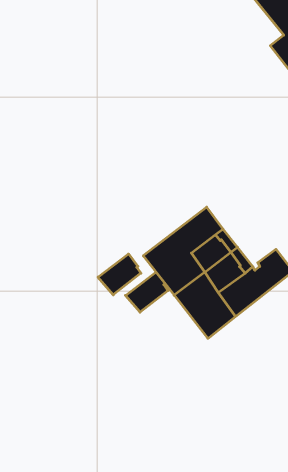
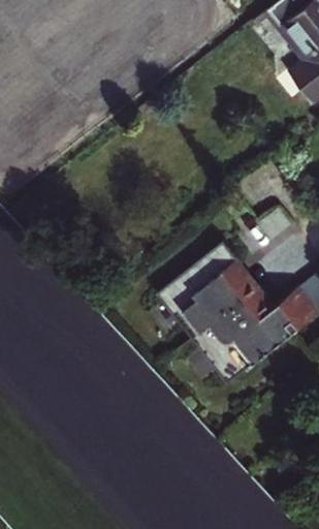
building: [98,254,141,295] -> none
building: [125,272,168,312] -> none

